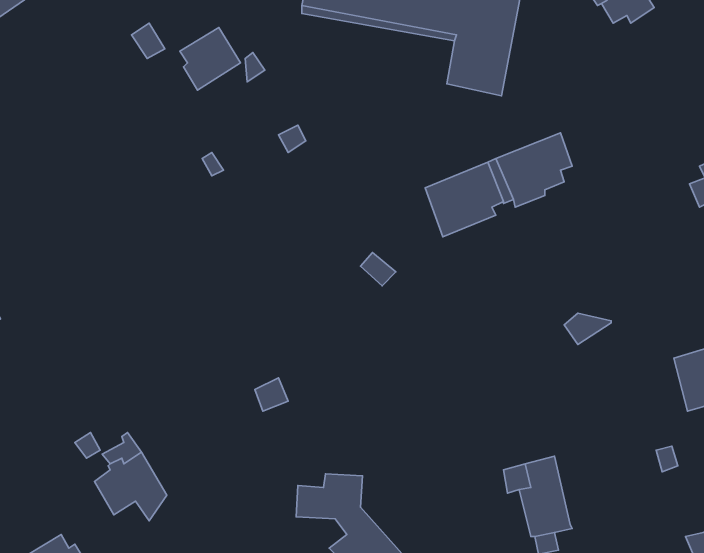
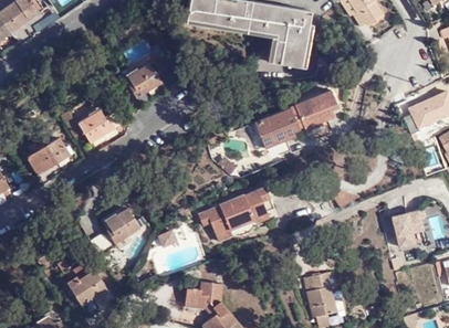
building: [180,28,240,90] -> [127,63,161,98]
building: none -> [60,110,115,144]
building: none -> [28,138,70,177]
building: none -> [200,184,276,234]
building: none -> [105,207,139,244]

